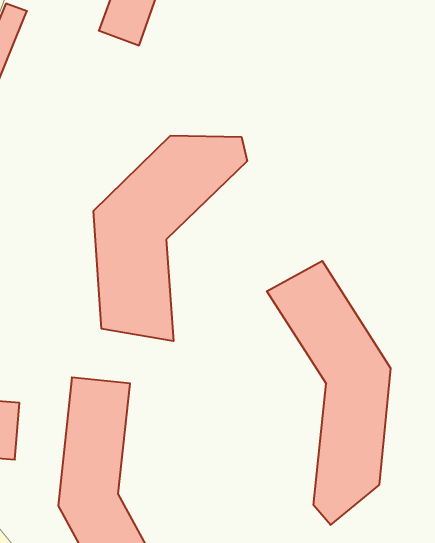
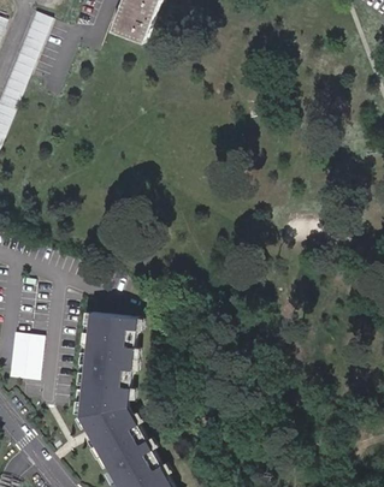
building: [94,136,247,341] -> none
building: [267,261,391,525] -> none

